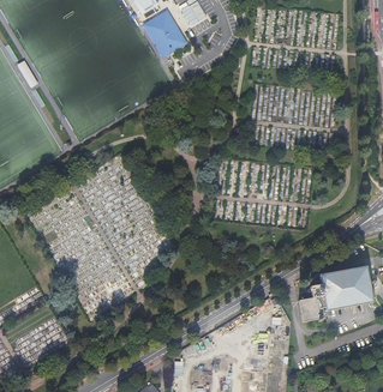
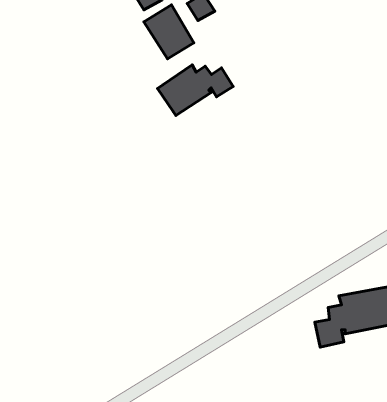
building: none -> [157,65,233,115]

